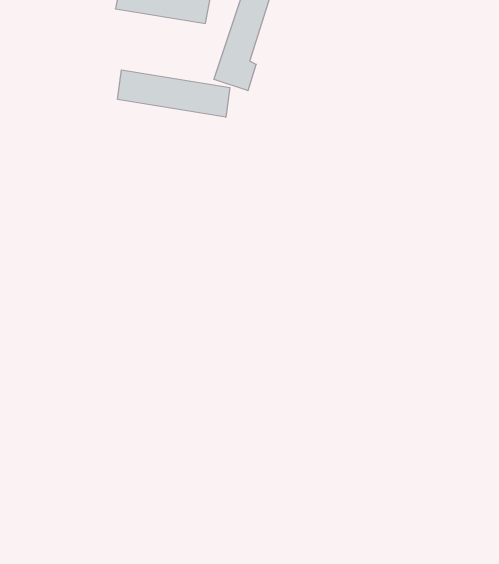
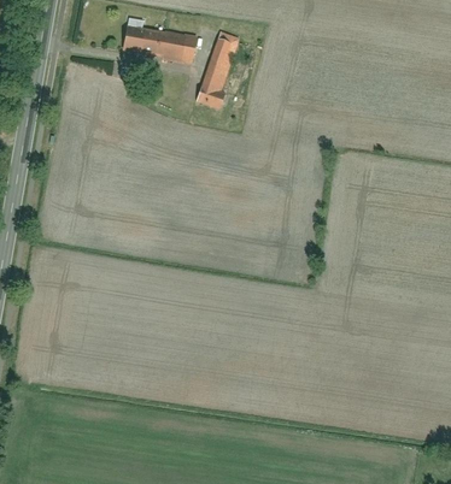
building: [118,70,230,117] -> none

